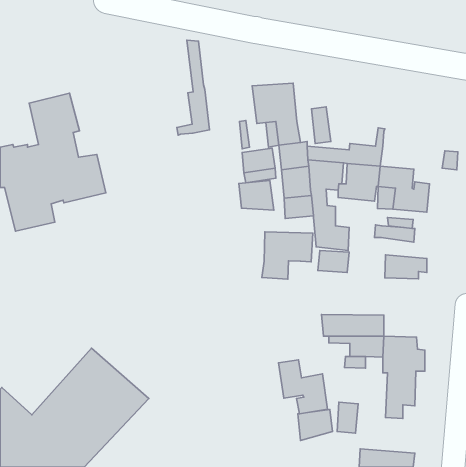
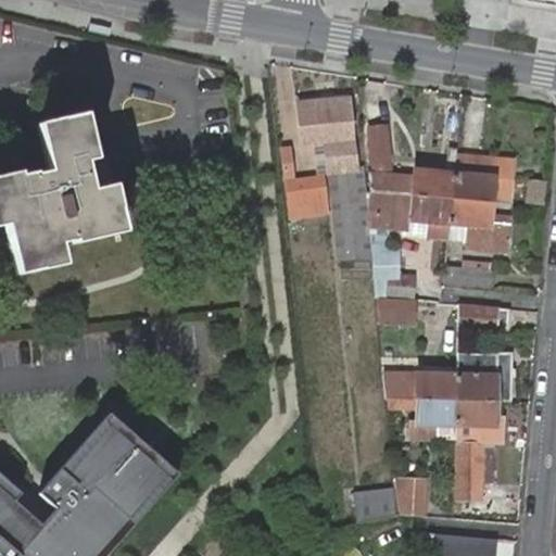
building: [177,40,210,135] -> none
building: none -> [453,156,514,203]
building: [239,180,274,210] -> none
building: [262,232,313,279] -> none
building: none -> [457,354,515,401]
building: [279,360,328,414] -> none

